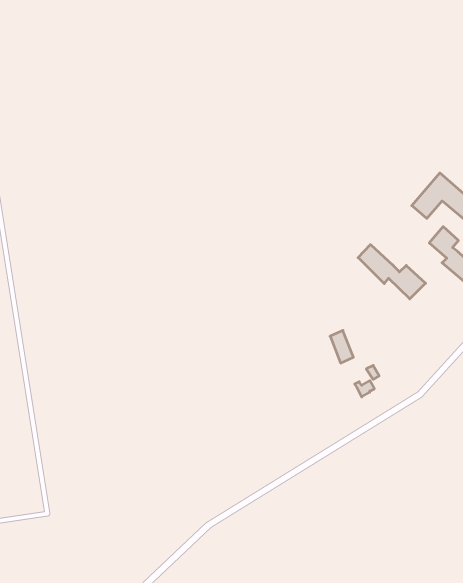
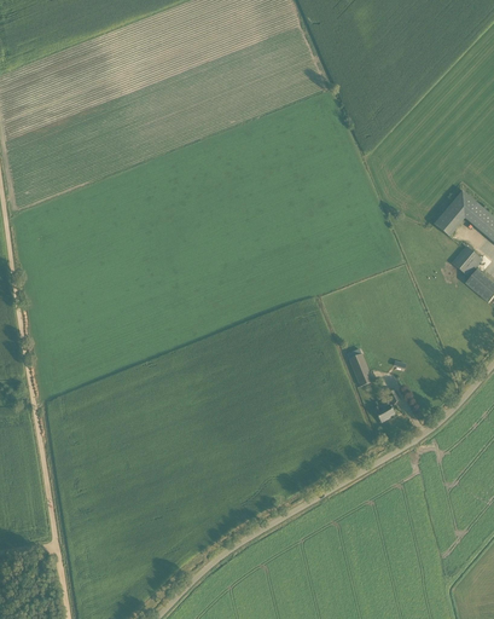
building: [358,245,426,299] -> none

